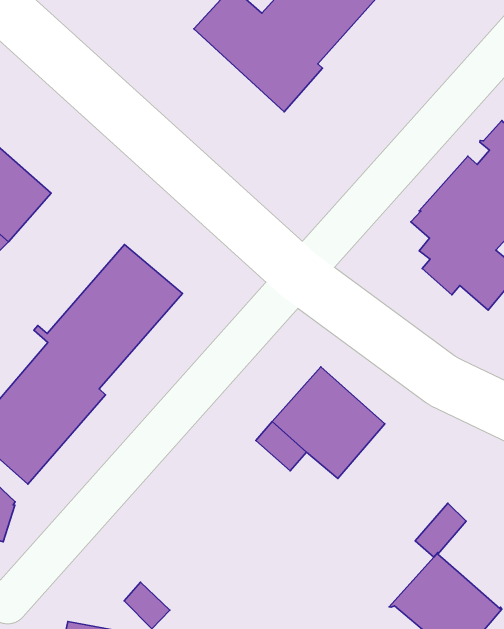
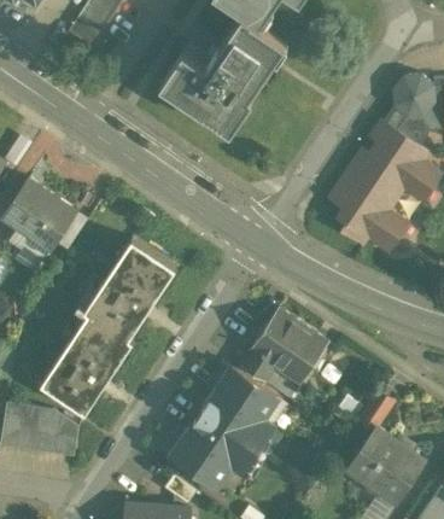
building: none -> [164,361,276,484]

